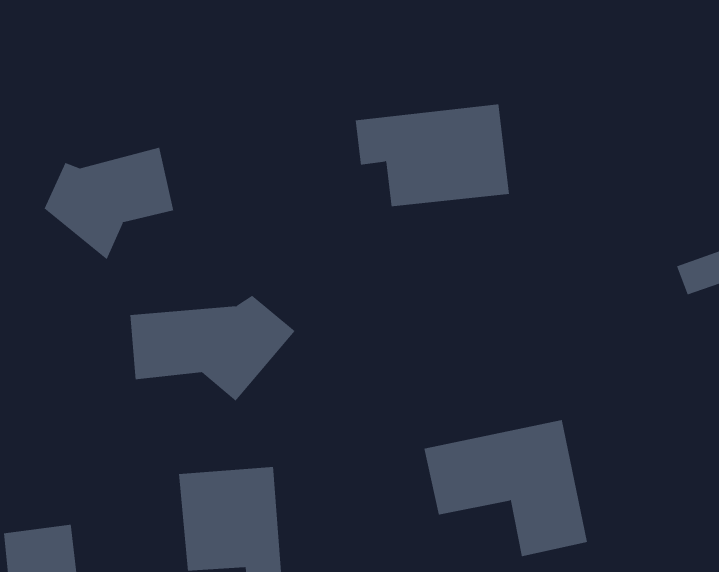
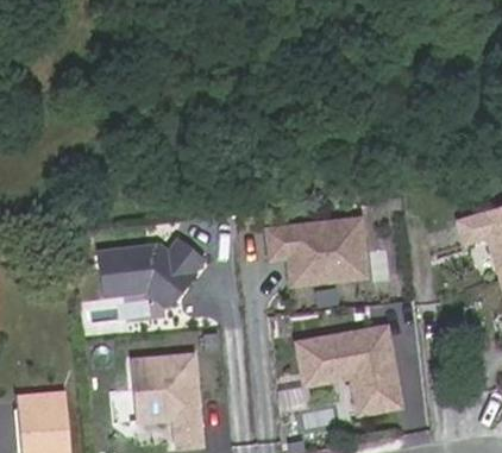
building: [355,104,510,207] -> [270,219,372,287]
building: [44,147,174,260] -> none

